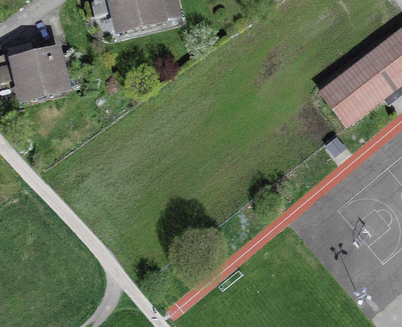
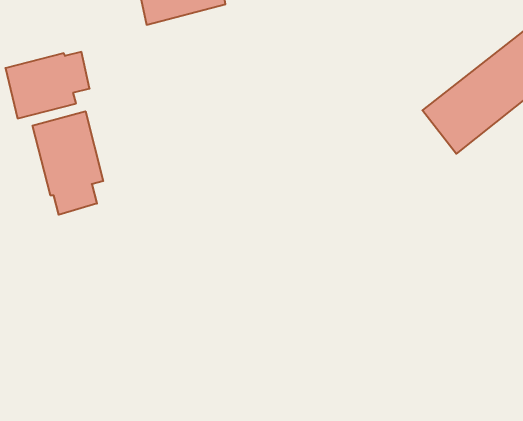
building: none -> [33,111,103,215]

